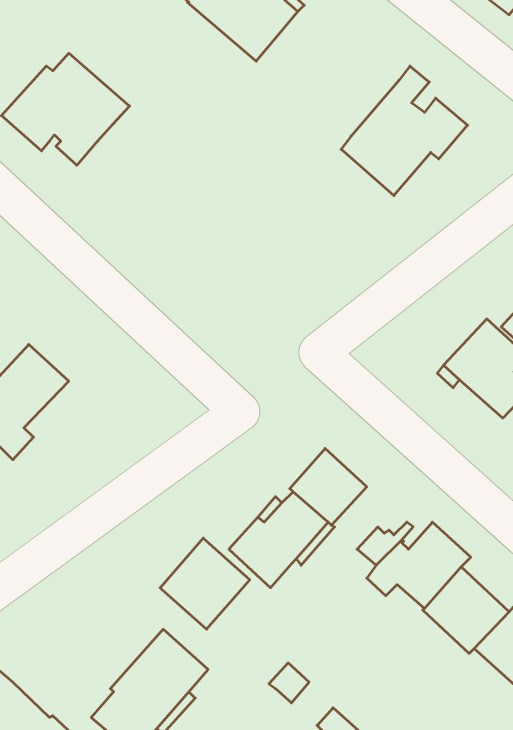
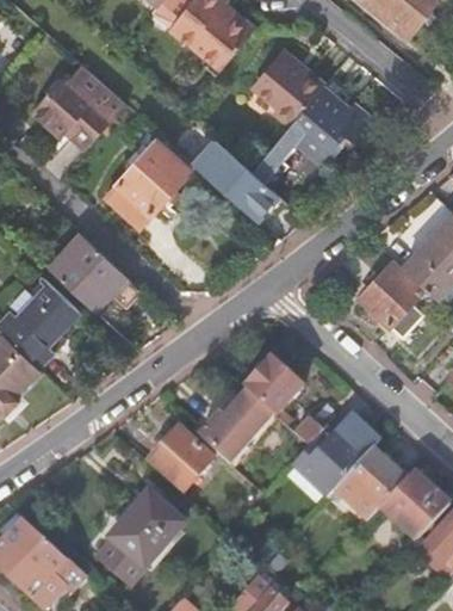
building: none -> [252,49,325,126]
building: none -> [104,138,190,227]
building: none -> [196,141,267,210]
building: none -> [45,234,136,310]

